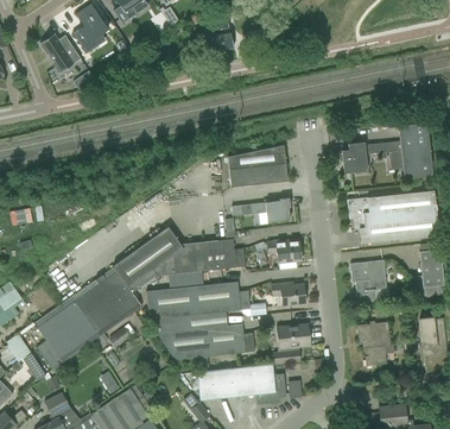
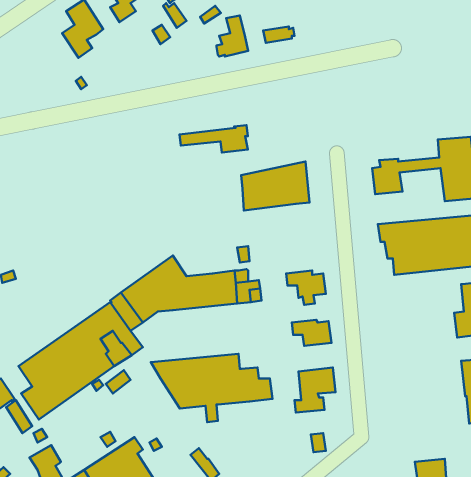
building: [40,34,81,74] -> none
building: [232,198,291,222] -> [180,125,248,152]
building: [350,260,387,303] -> none
building: [146,282,267,320] -> none
building: [357,322,394,366] -> none
building: [197,365,286,404] -> none

